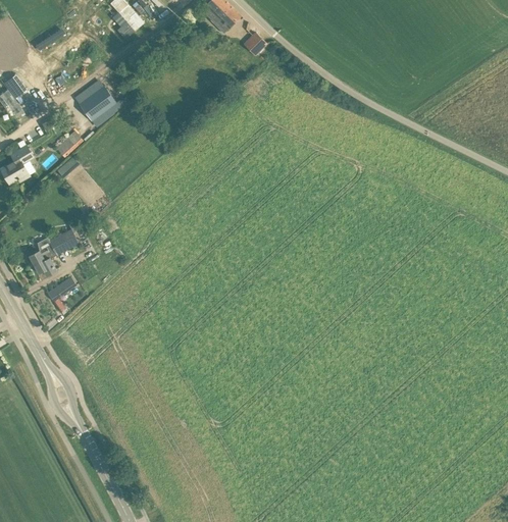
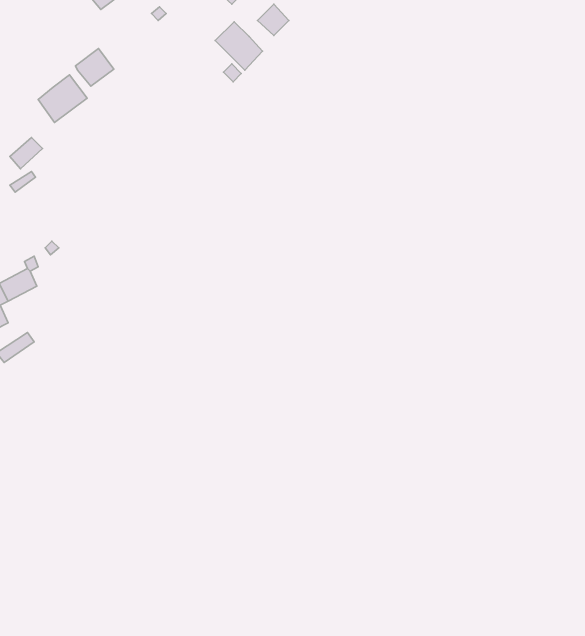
building: none -> [215,22,263,70]
building: none -> [76,49,114,86]

